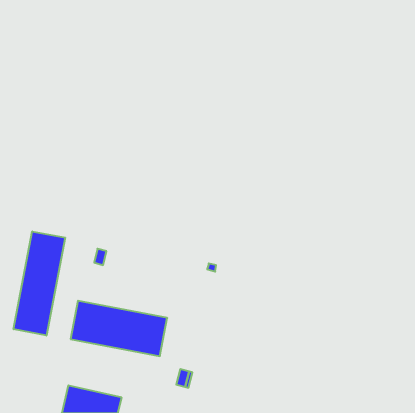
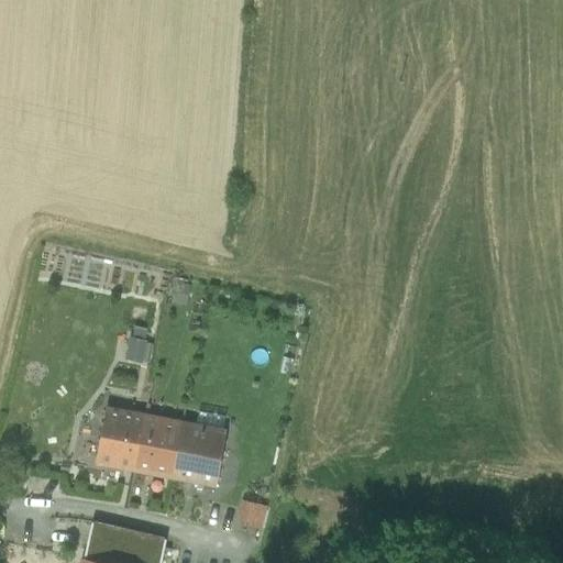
building: [14,231,65,336] -> none

